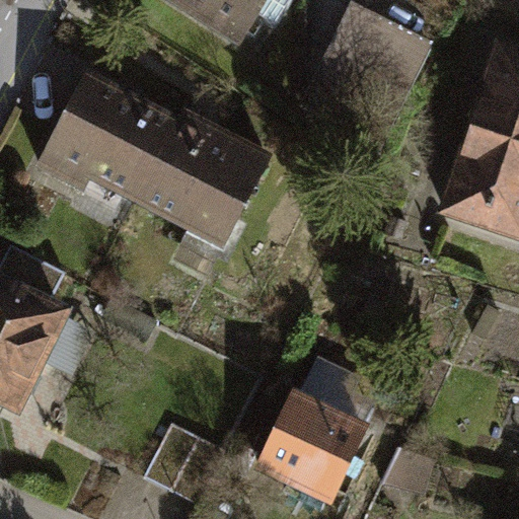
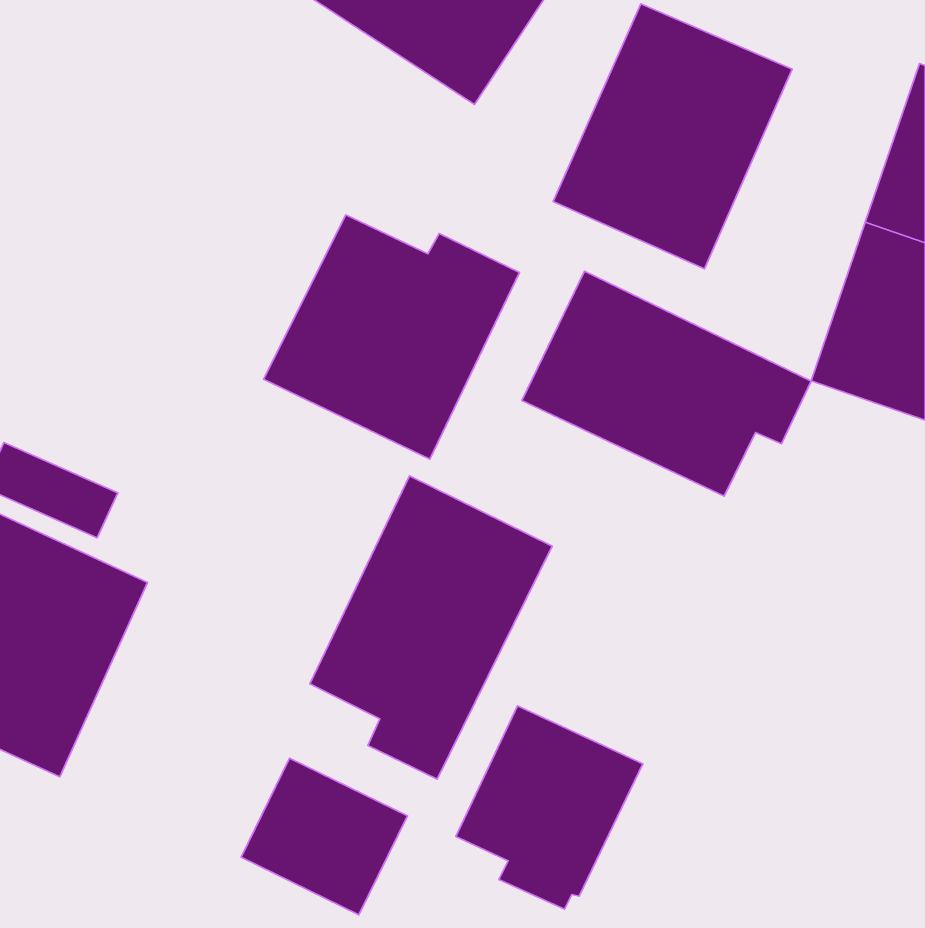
building: [48,73,188,206] -> none
building: none -> [522,271,811,496]
building: none -> [310,476,552,779]

